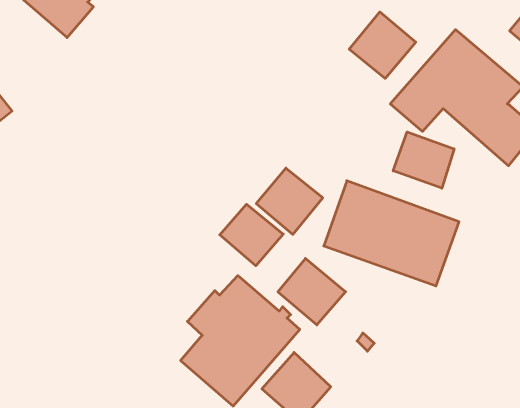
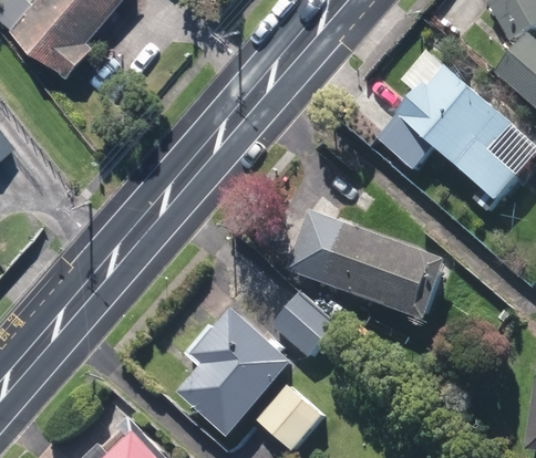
building: [349,12,416,78] -> none
building: [393,132,454,188] -> none
building: [220,204,283,266] -> none

